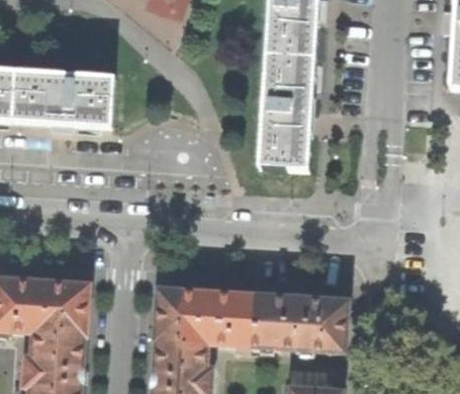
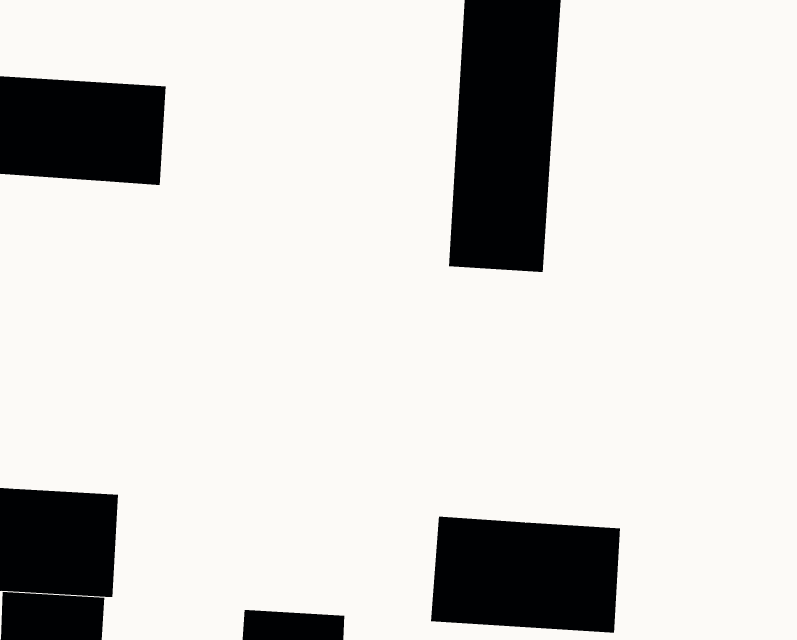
building: [152,288,254,347] -> none

